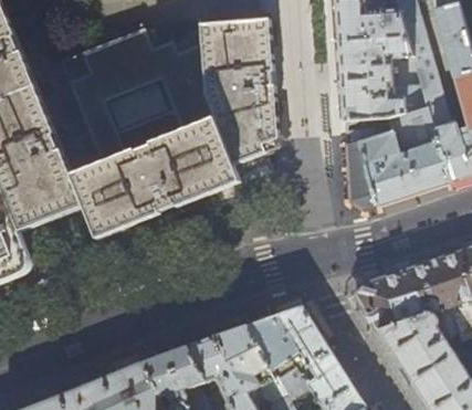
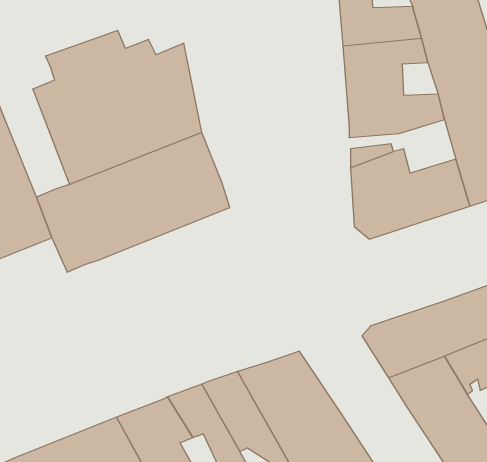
building: [199,19,277,160] -> none
building: [386,105,436,151] -> none

